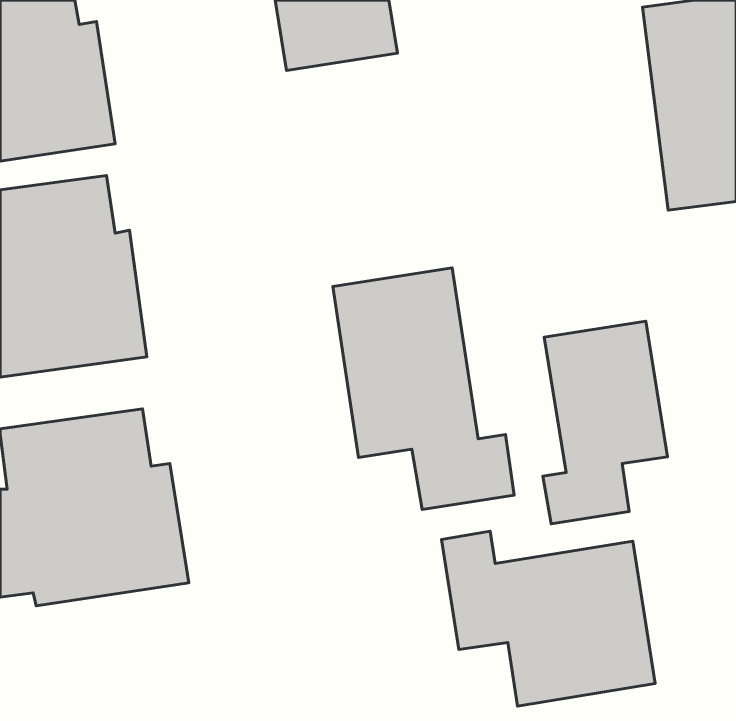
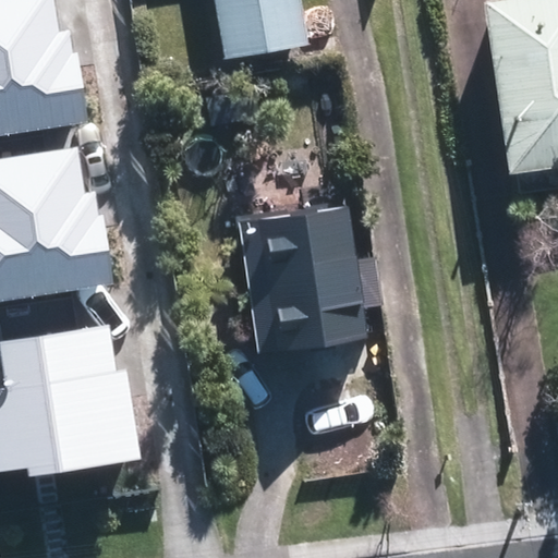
building: [543,321,668,524] -> none
building: [442,531,655,706] -> none

